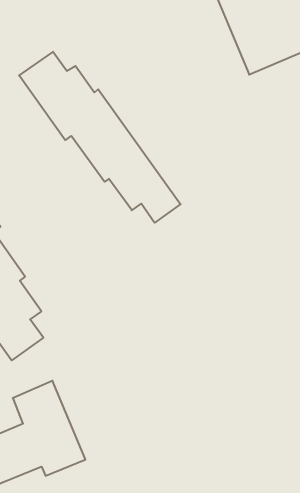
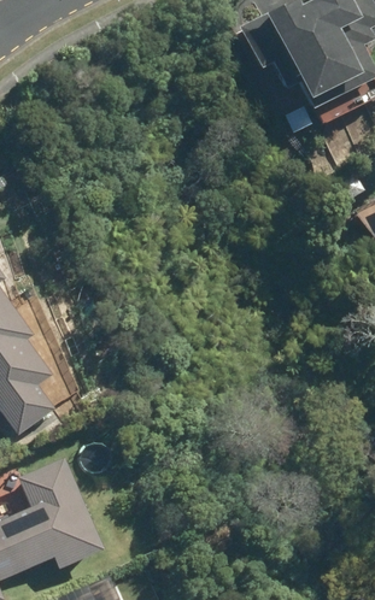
building: [19,52,181,223] -> none

